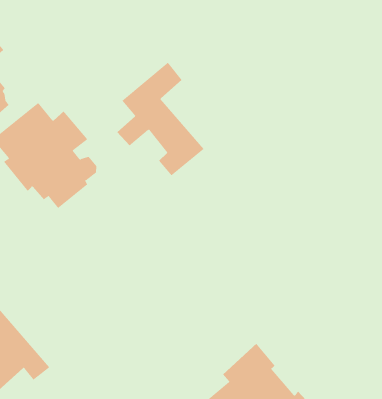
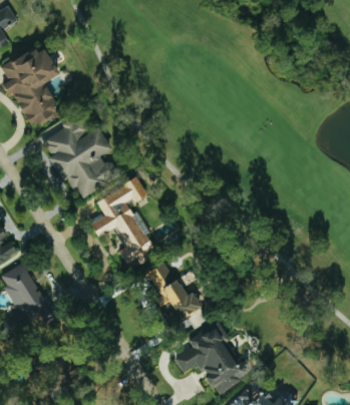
building: [117,62,205,176] -> [89,177,153,264]
building: none -> [143,262,202,324]

